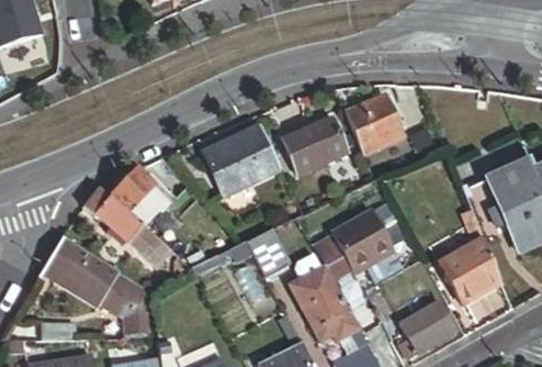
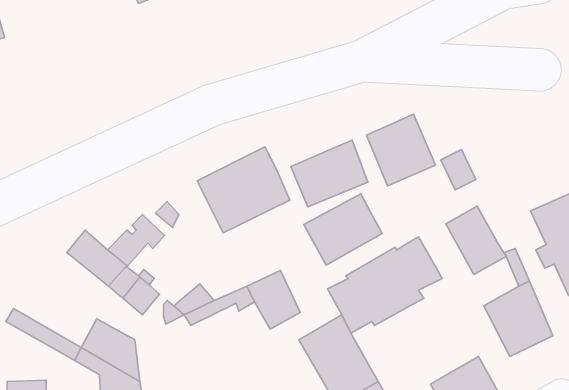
building: [109,163,158,211] -> none
building: none -> [304,194,382,265]
building: none -> [446,206,506,275]
building: [48,237,118,293] -> none

